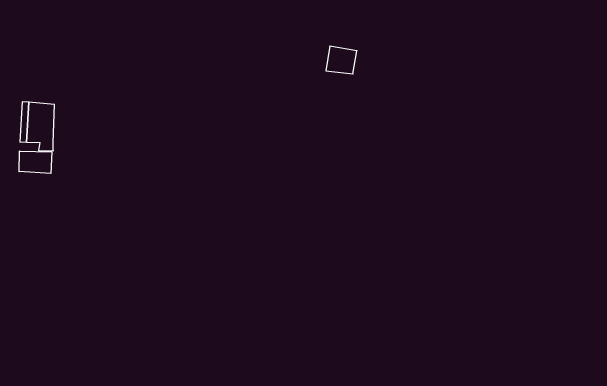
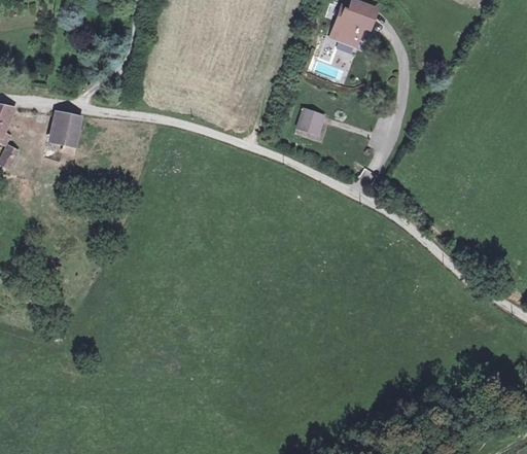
building: [19,151,52,173] -> none

